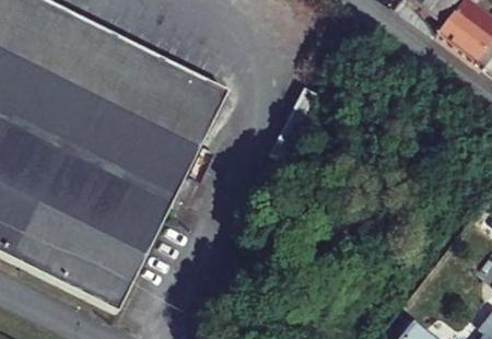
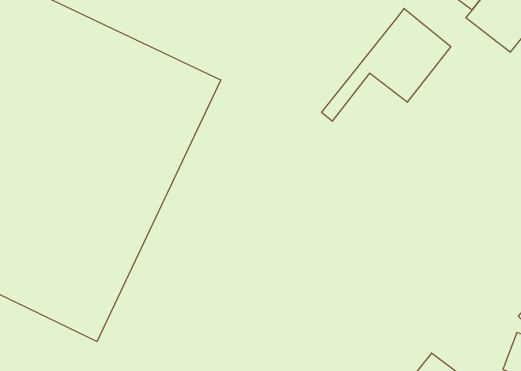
building: none -> [322,8,451,121]

